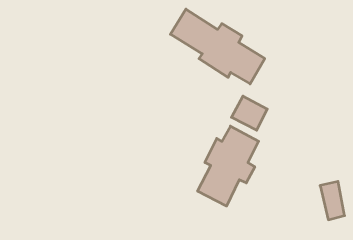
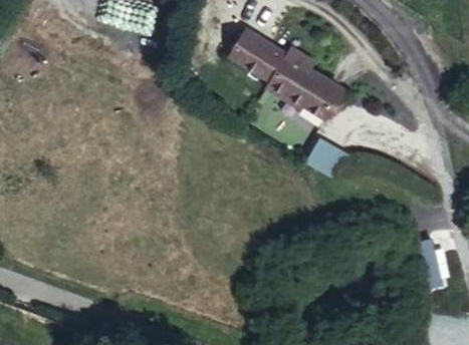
building: [198,126,259,206] -> none

